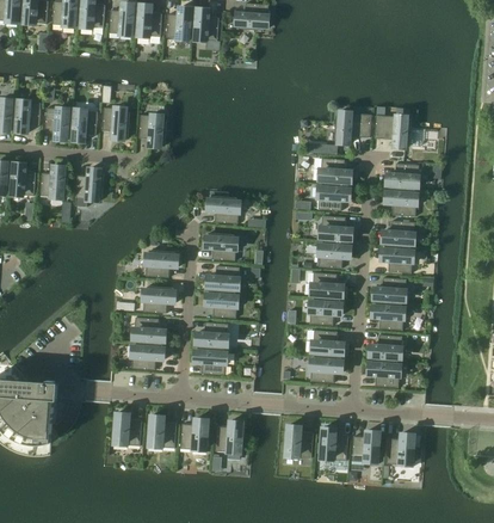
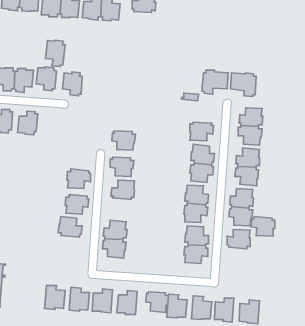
building: none -> [46,40,65,67]
building: [319,156,352,184] -> none
building: [205,289,239,316] -> none
building: [131,342,165,369] -> none
building: [368,358,401,386] -> [251,217,275,236]
building: none -> [146,292,168,313]

